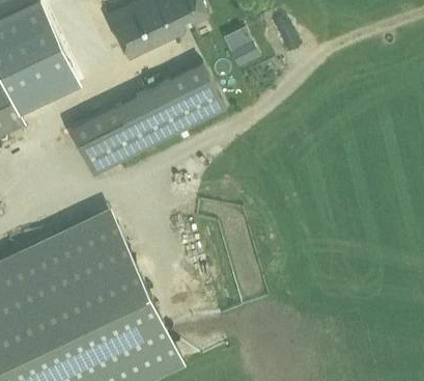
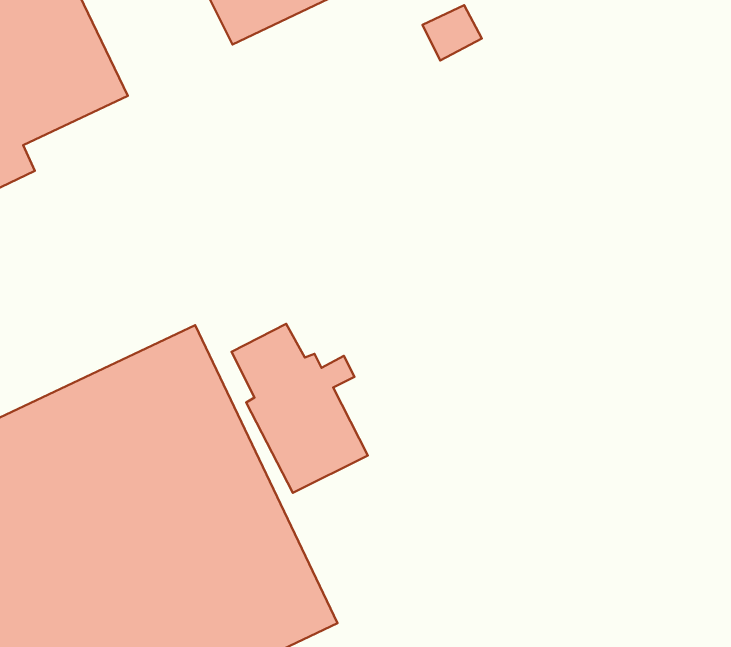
building: [67,63,226,179] -> none
building: none -> [232,324,368,493]

